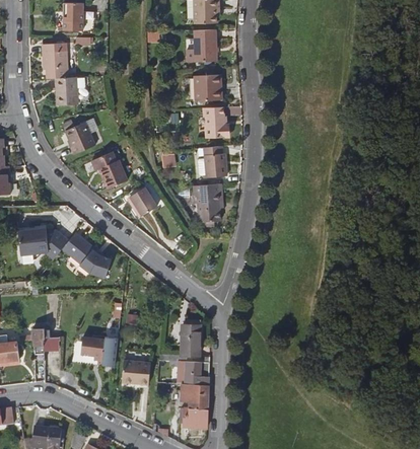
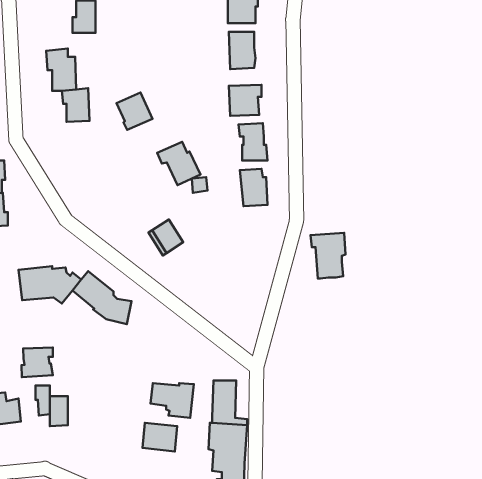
building: [64,122,94,153] -> [116,92,153,130]
building: [89,152,126,189] -> [157,142,200,185]
building: [193,183,222,222] -> [311,233,345,279]
building: none -> [22,347,53,377]
building: [80,334,117,364] -> [150,383,194,418]

